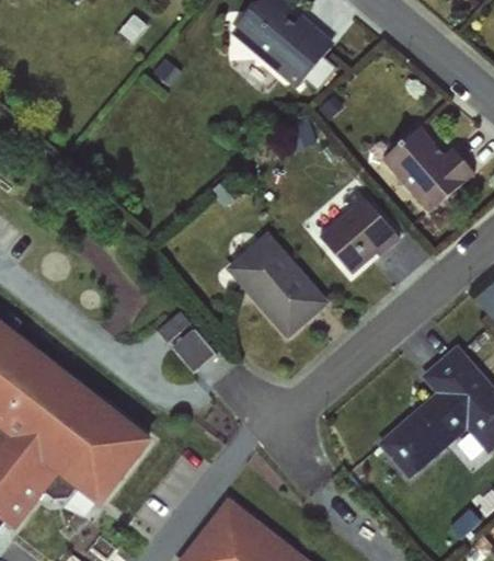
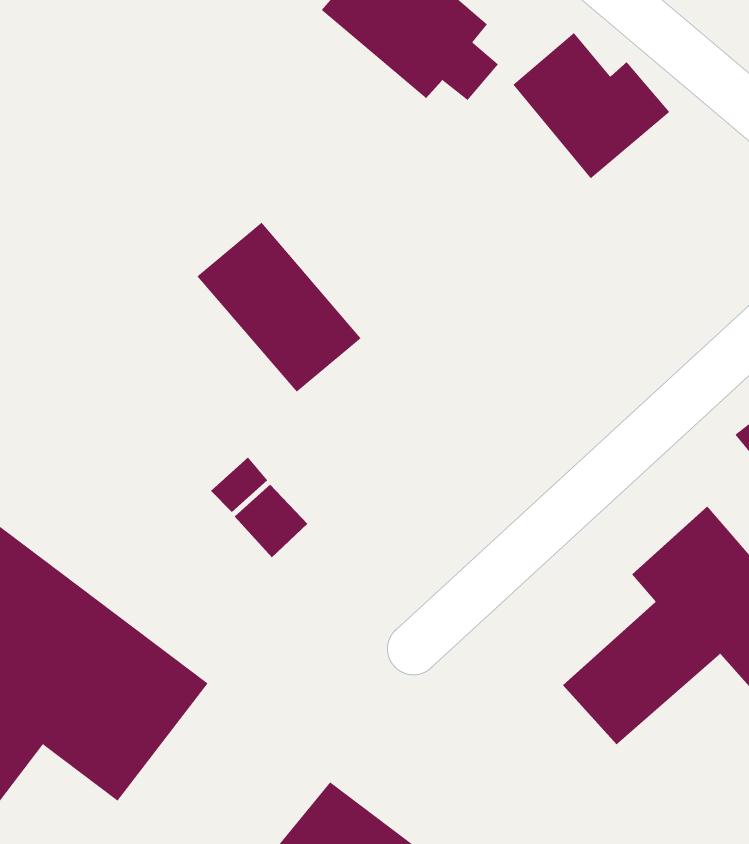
building: [381,129,476,218] -> [512,32,670,179]
building: [317,184,401,276] -> none
building: [227,233,326,336] -> [197,222,362,393]

